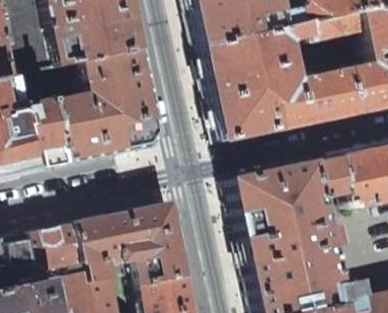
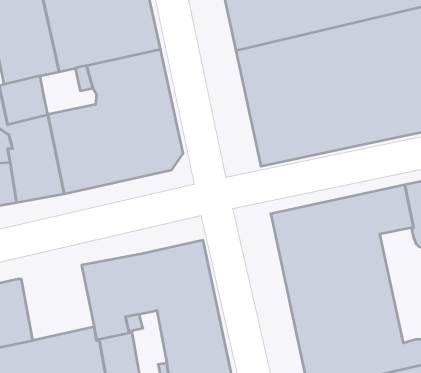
building: [29,221,88,282] -> none

